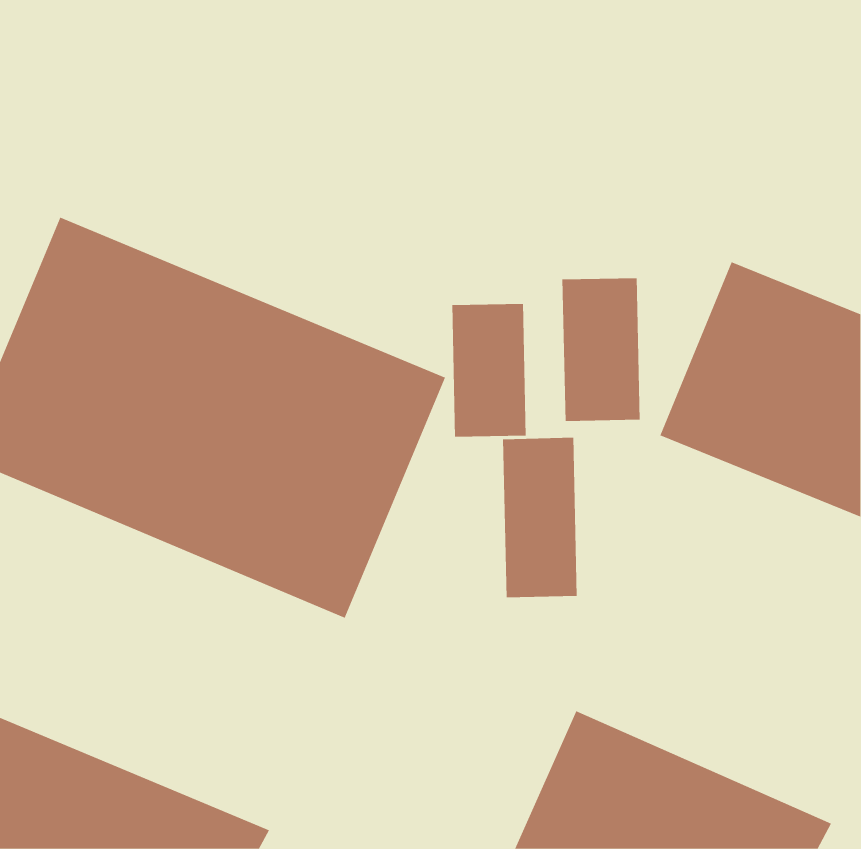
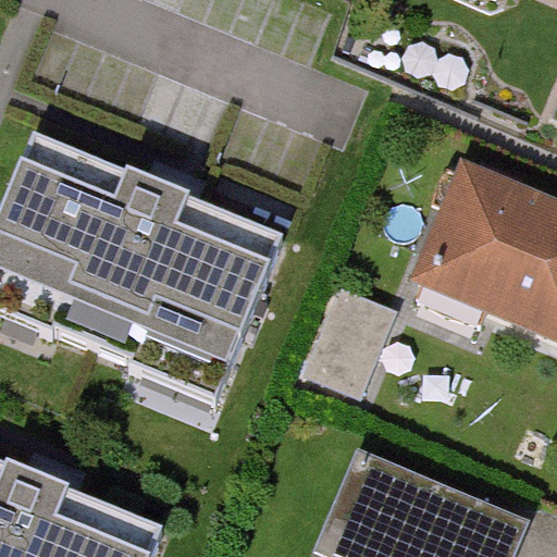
building: [562,278,640,422] -> none
building: [452,303,526,438] -> none

